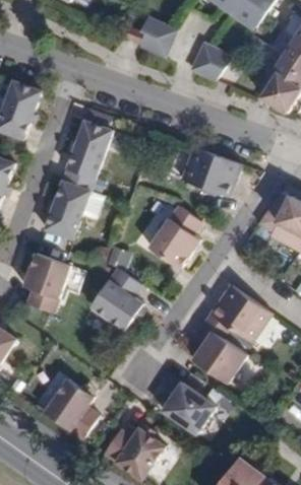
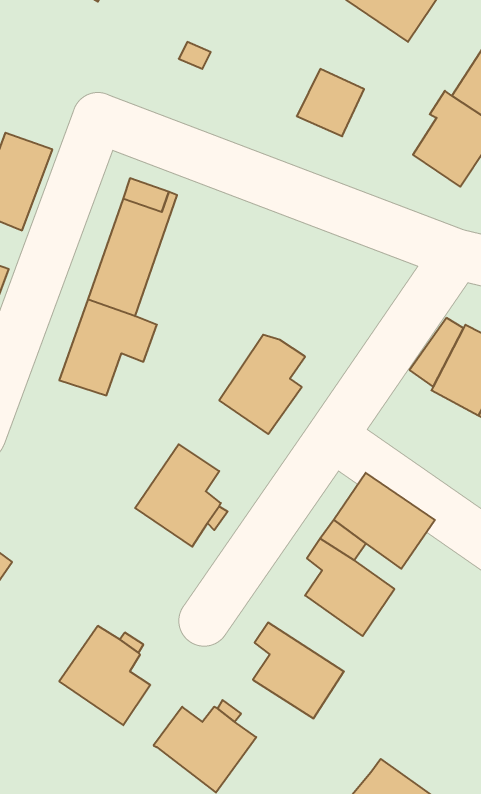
building: [133,17,175,58] -> none
building: [181,147,241,198] -> none
building: [27,241,74,302] -> none

